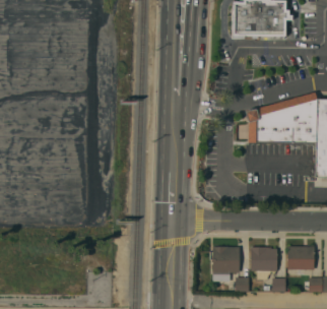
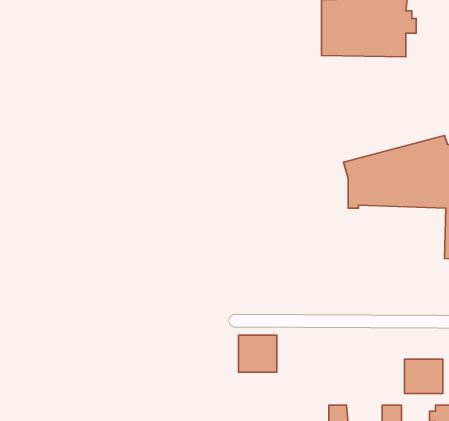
building: [212,248,239,273] -> [238,335,277,372]
building: [251,248,277,271] -> none

